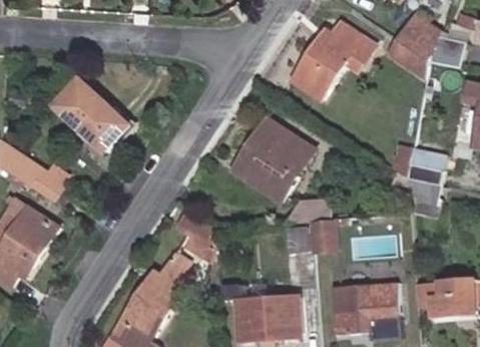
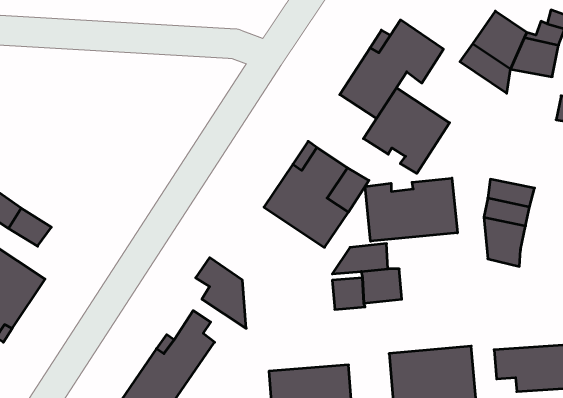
building: none -> [363,88,450,173]
building: [57,80,130,152] -> none
building: none -> [365,178,457,241]

